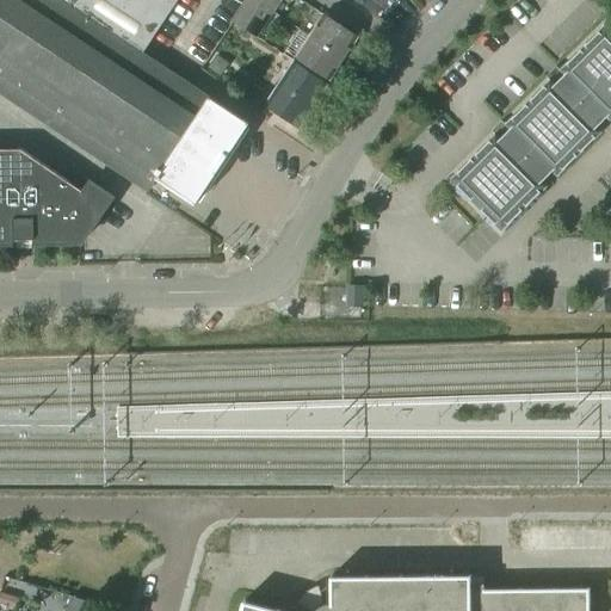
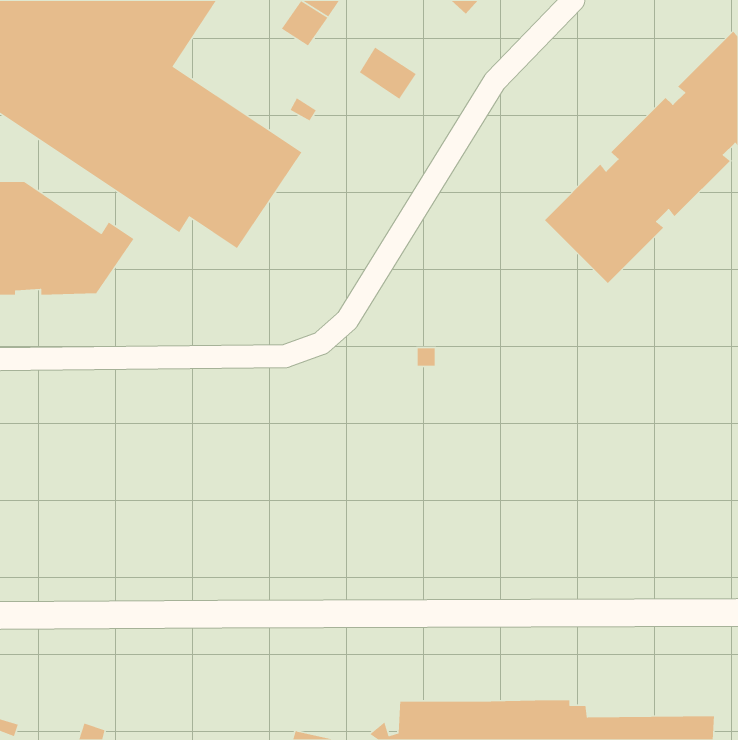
building: [309,17,358,61] -> none
building: [265,64,327,129] -> none

